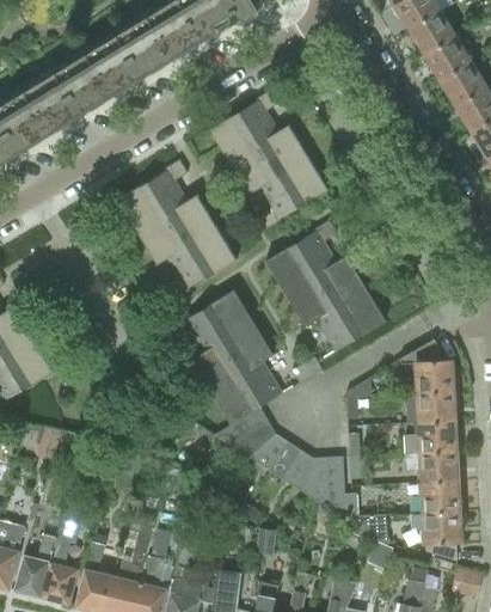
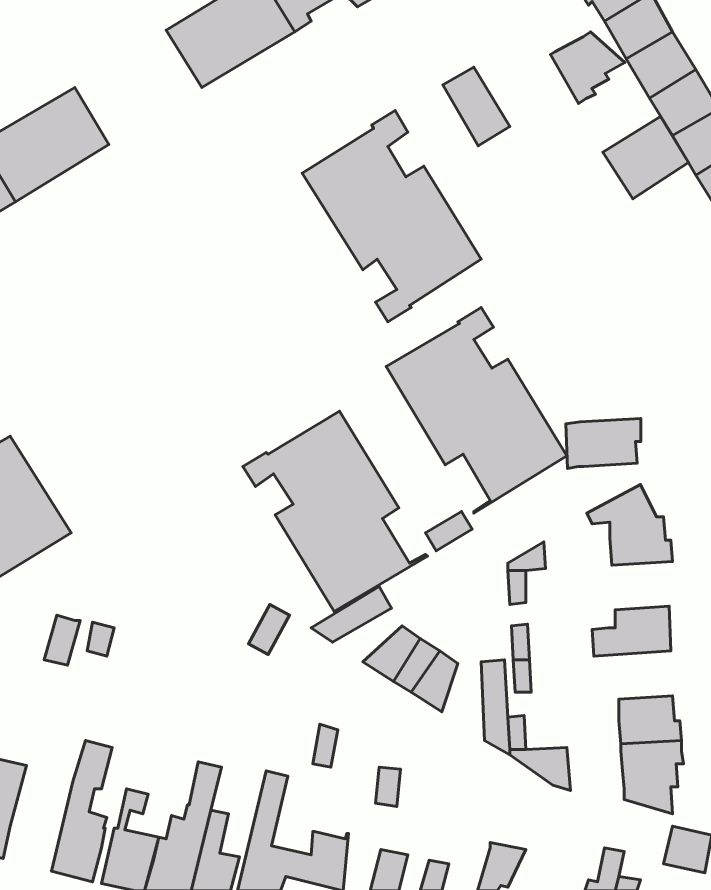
building: [57,36,142,112] -> none
building: none -> [550,32,625,103]
building: none -> [443,67,510,146]
building: none -> [603,117,688,199]
building: [117,160,238,300] -> none
building: [406,391,456,424] -> [566,418,641,468]
building: [229,422,276,458] -> none
building: [404,451,456,483] -> none
building: [302,458,331,510] -> none
building: [14,536,56,598] -> none

